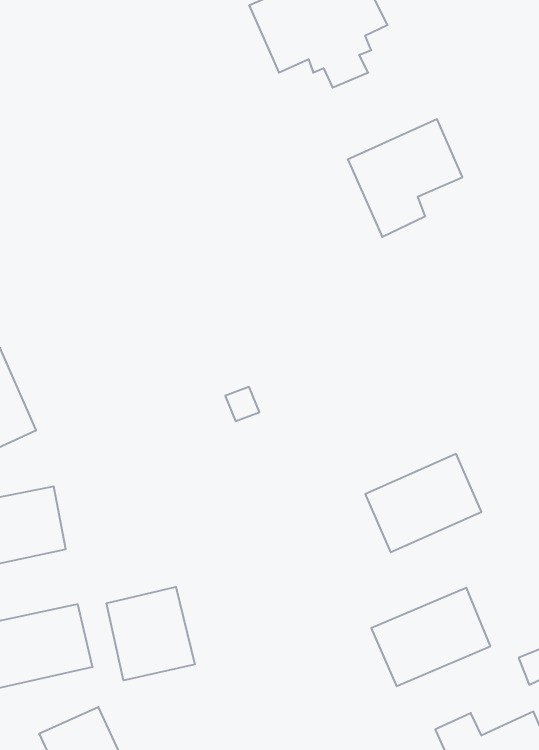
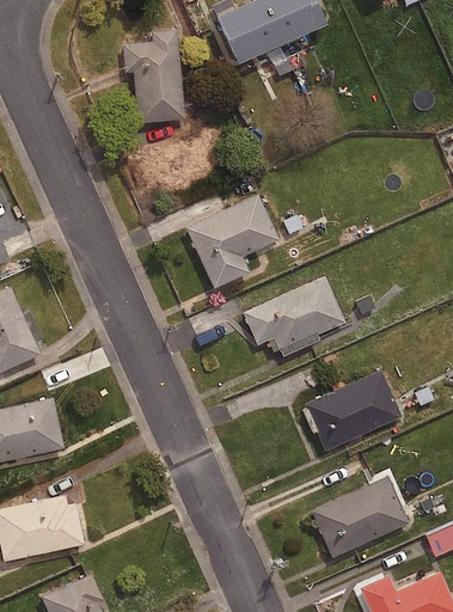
building: none -> [120,30,182,123]
building: [348,119,462,237] -> [183,194,275,288]
building: none -> [240,277,342,356]
building: [107,587,195,680] -> none

